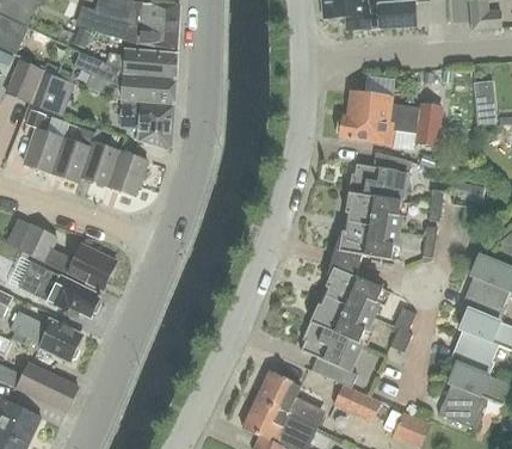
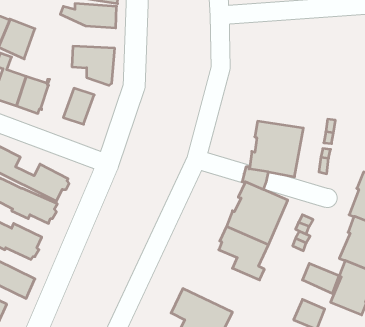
building: [75,50,173,103] -> none
building: [335,92,440,144] -> none
building: [81,141,122,187] -> none
building: [347,154,408,201] -> none
building: [255,370,321,426] -> none
building: [334,385,380,422] -> [302,263,339,294]

